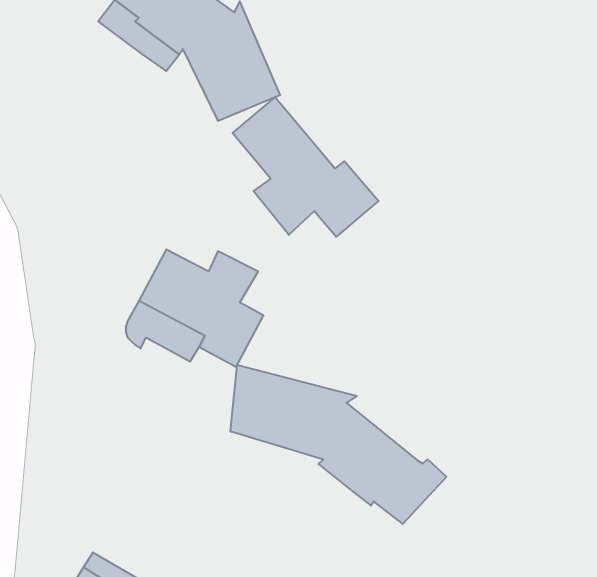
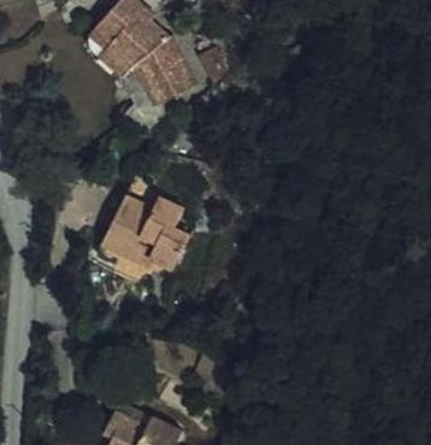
building: [233,97,379,237] -> none
building: [231,365,446,524] -> none

